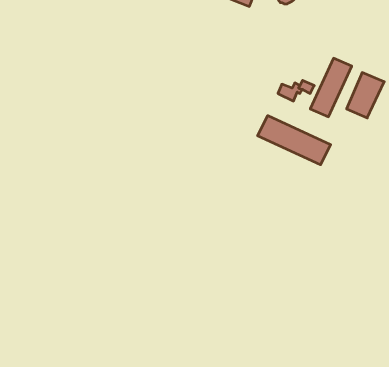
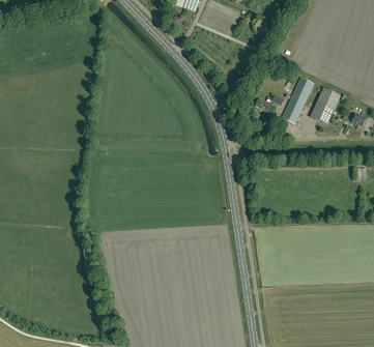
building: [258,116,331,165] -> none

